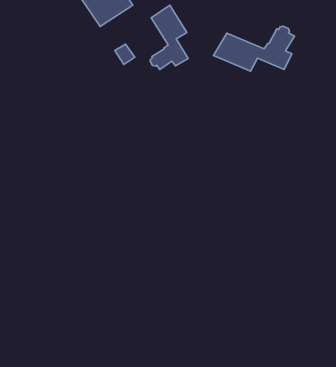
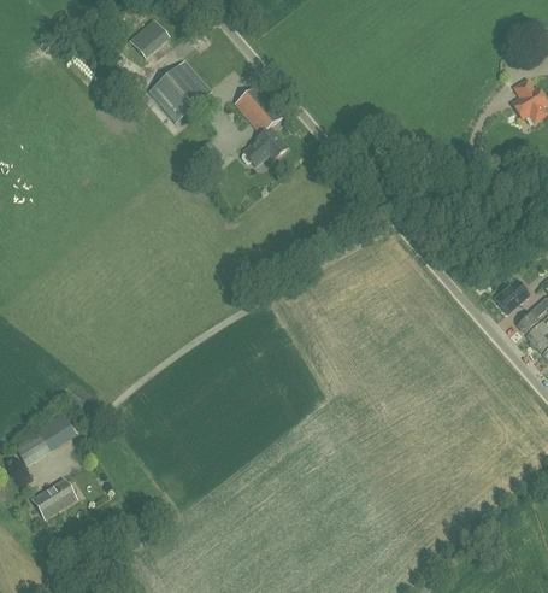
building: [214,26,295,71] -> none

